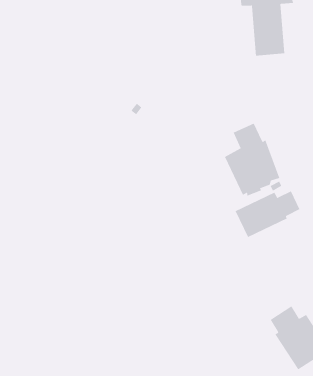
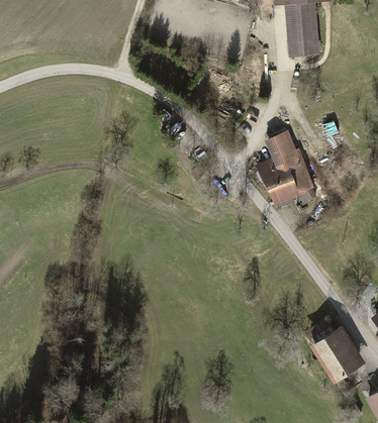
building: [235,190,300,238] -> none

